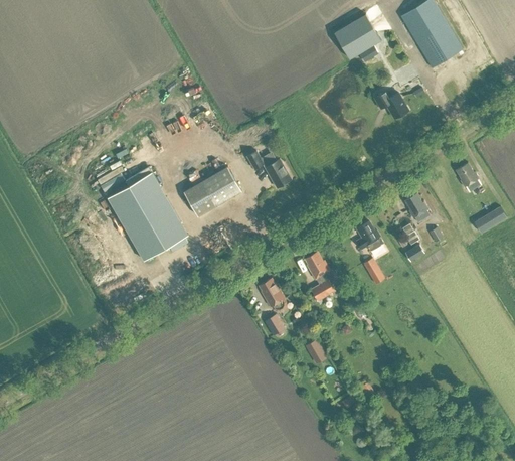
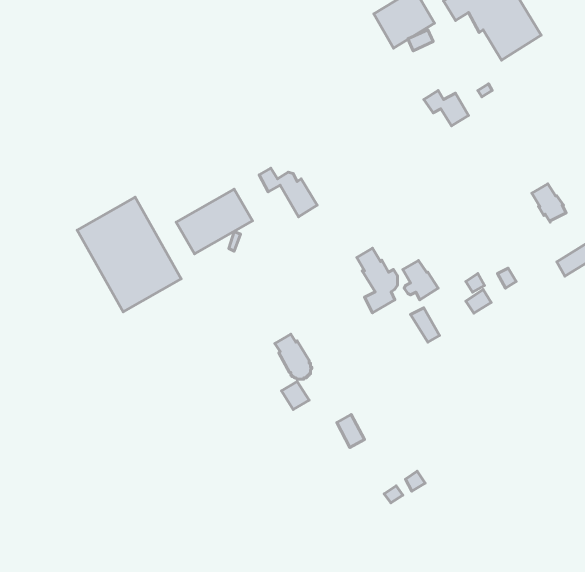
building: [404,192,430,221] -> none
building: [305,251,336,300] -> [357,248,398,313]

